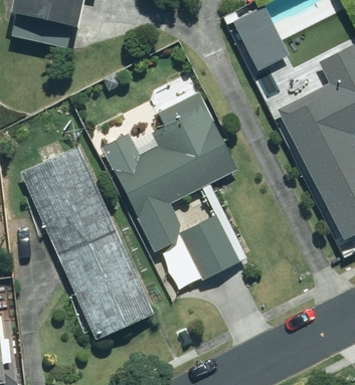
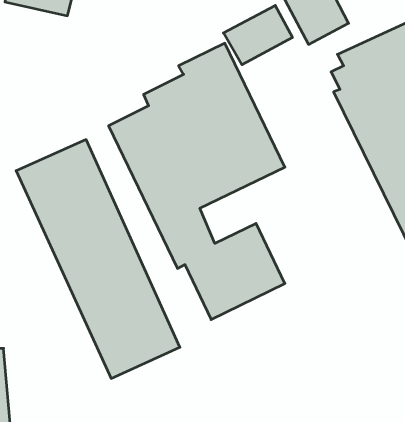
building: none -> [223,5,292,65]

